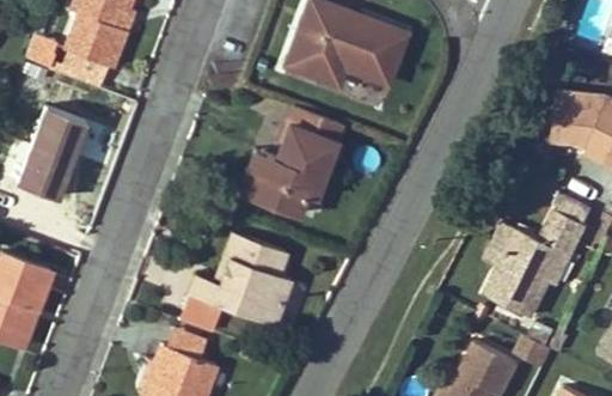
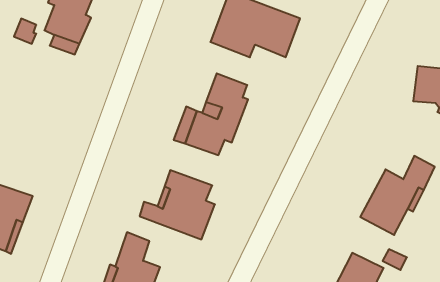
building: [17,108,87,200] -> none

